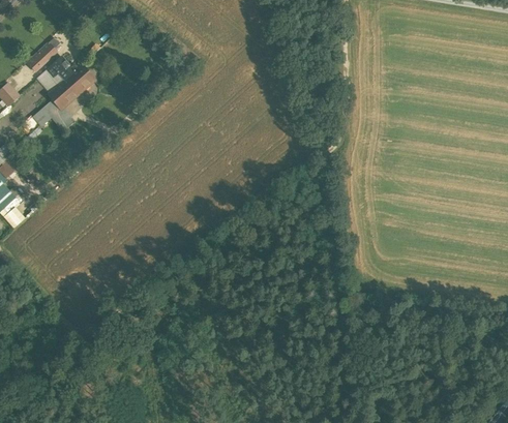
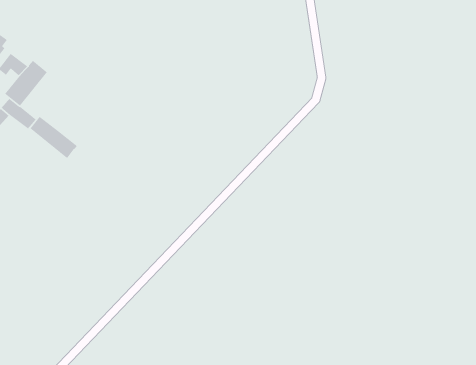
building: none -> [29,116,78,159]

